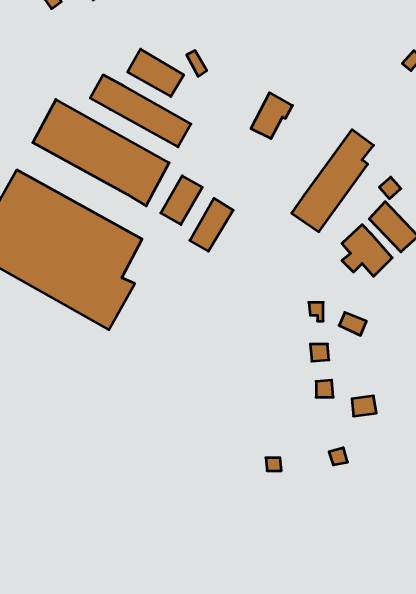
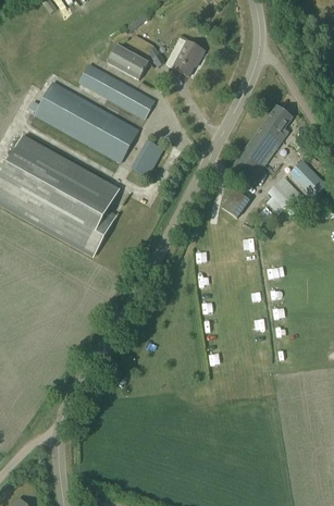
building: [251,93,293,139] -> [173,40,205,75]
building: [190,198,233,251] -> none
building: none -> [223,186,253,217]

